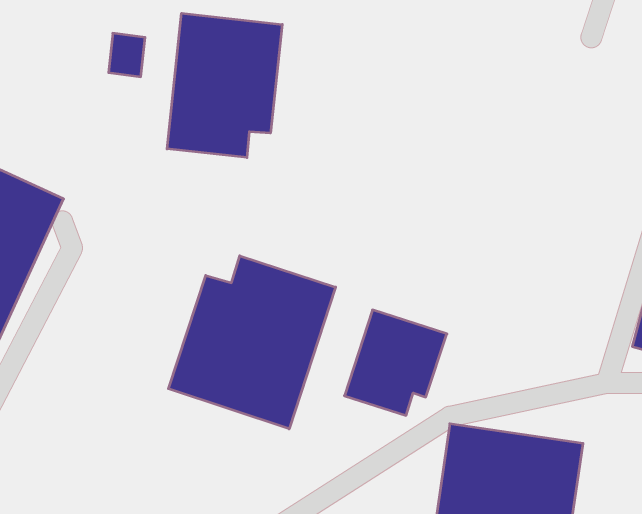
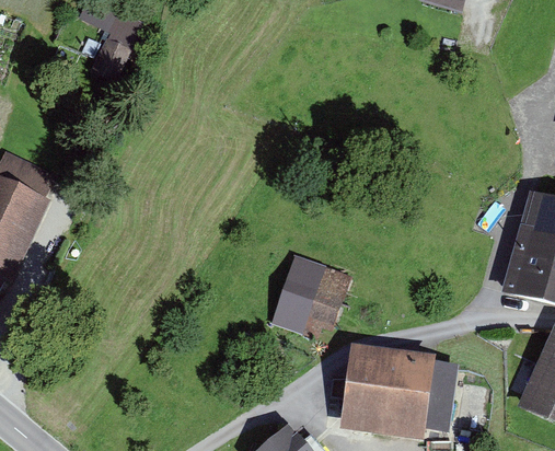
building: [167,13,282,158] -> none
building: [168,256,336,429] -> none

